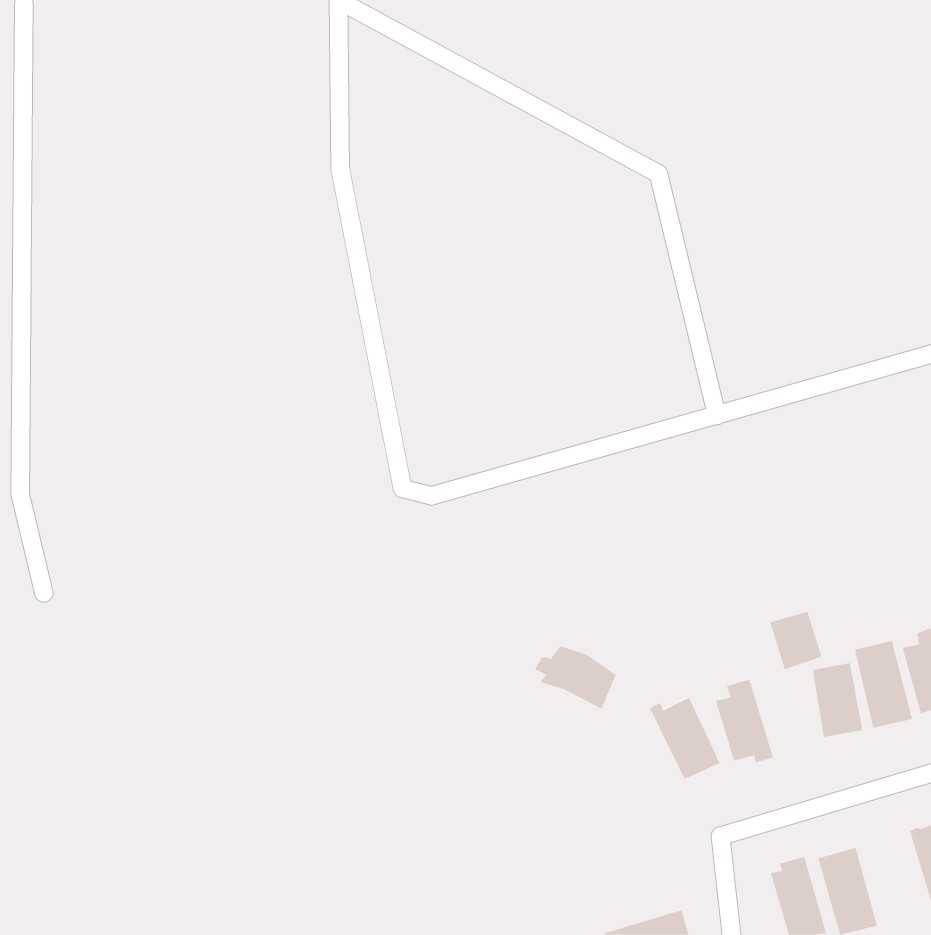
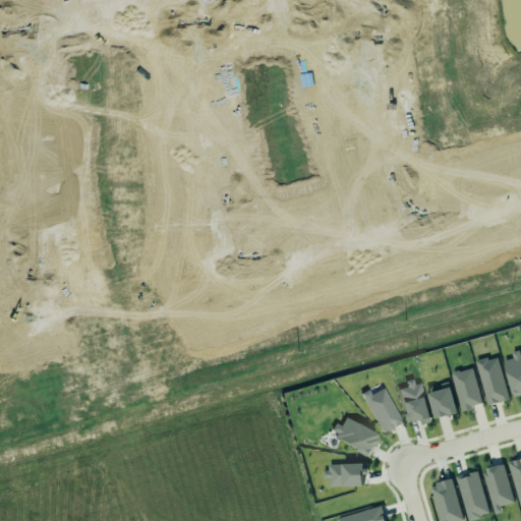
building: [770,611,823,670] -> [428,384,458,416]
building: [534,645,616,709] -> [332,416,378,452]
building: none -> [327,464,365,487]
building: none -> [483,464,514,514]

